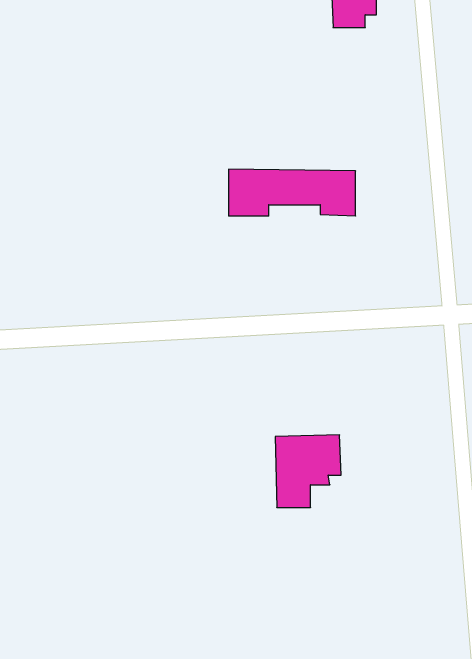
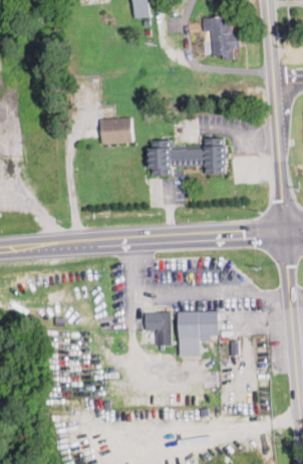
building: none -> [101,119,132,144]
building: none -> [144,312,173,345]

